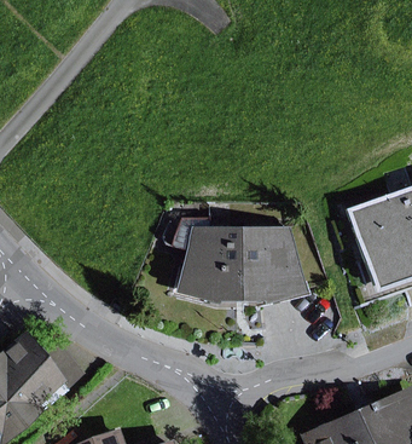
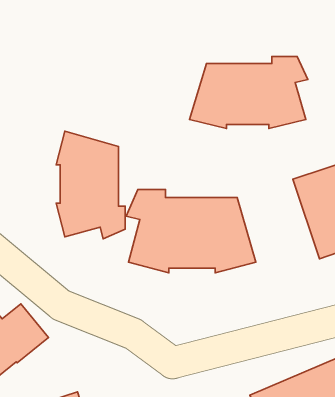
building: none -> [190,56,308,128]
building: none -> [56,131,125,239]

